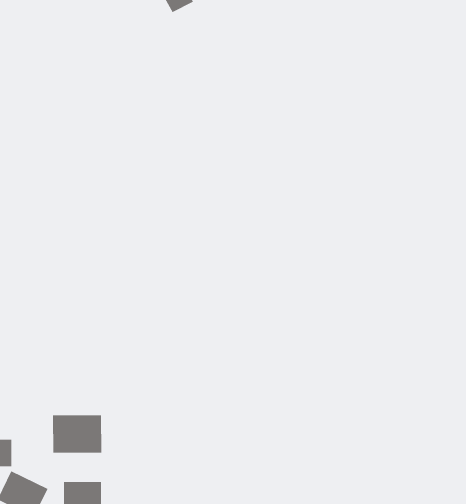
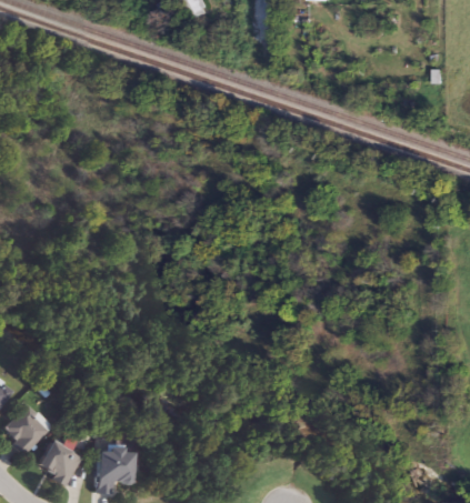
building: [52,414,102,453] -> none

